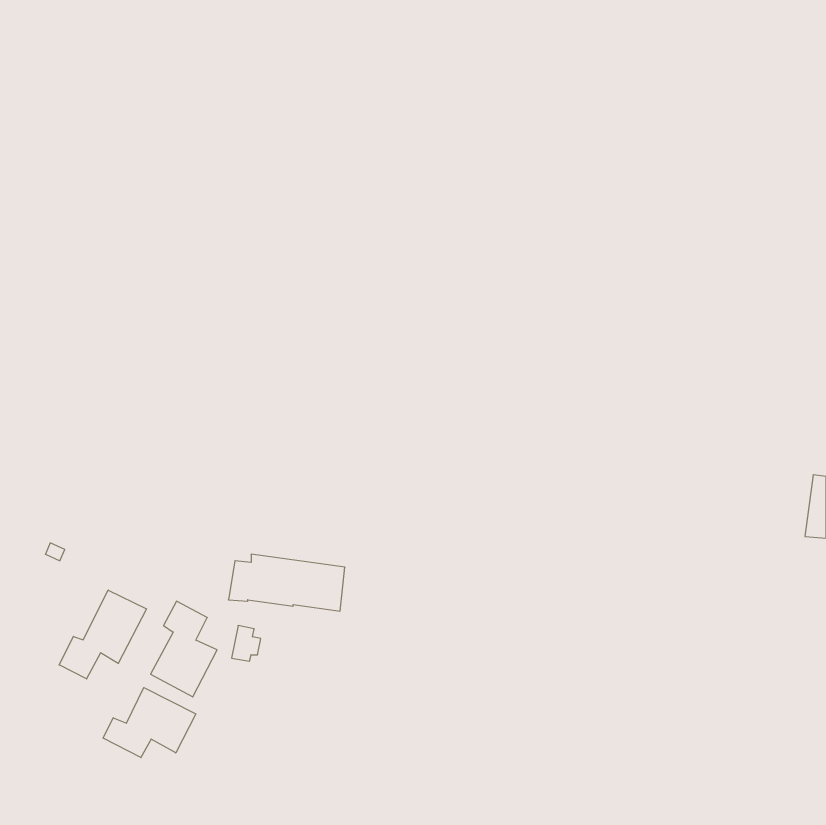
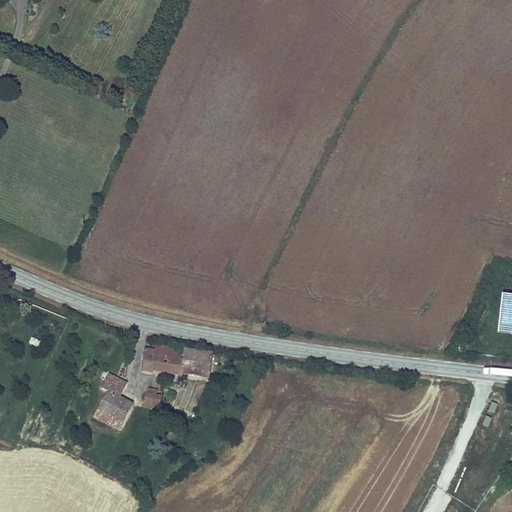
building: [59,590,146,679] -> none
building: [103,688,196,758] -> none

